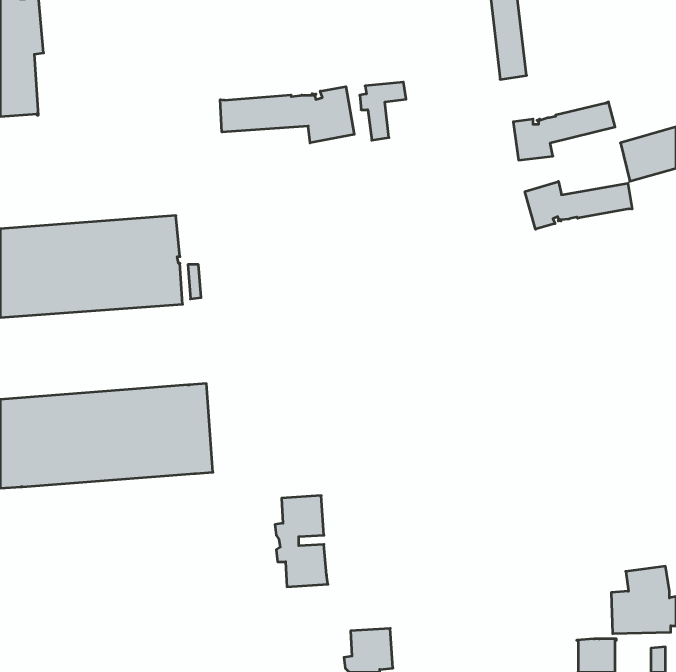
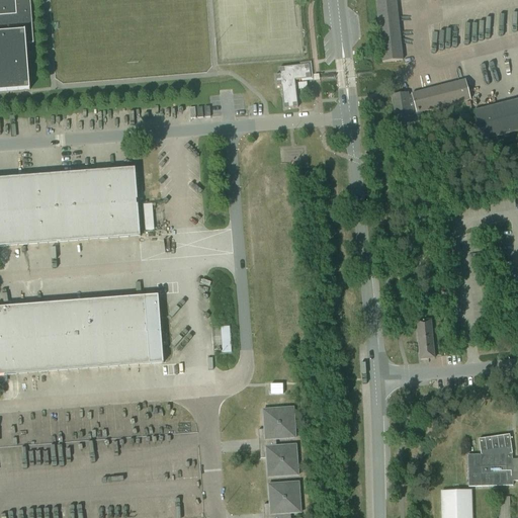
building: [220,87,354,143] -> none
building: [525,181,632,229] -> none
building: none -> [416,318,434,357]
building: [275,496,328,587] -> [258,406,298,476]

